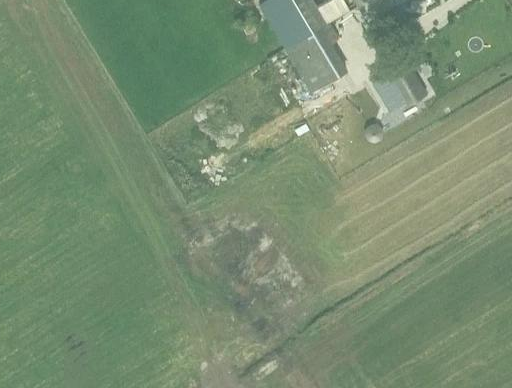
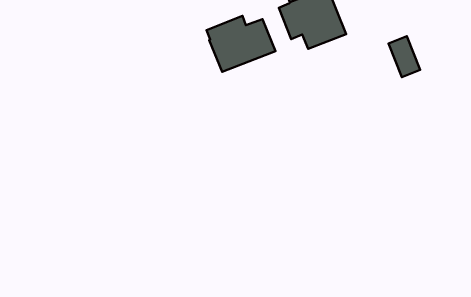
building: none -> [207,16,275,72]

